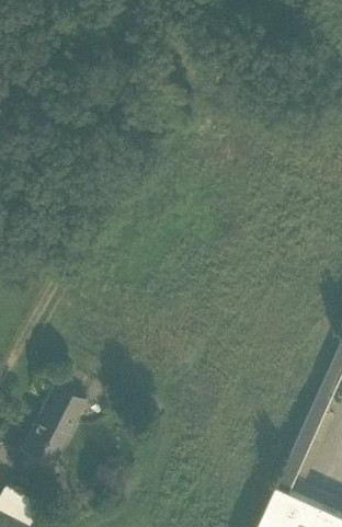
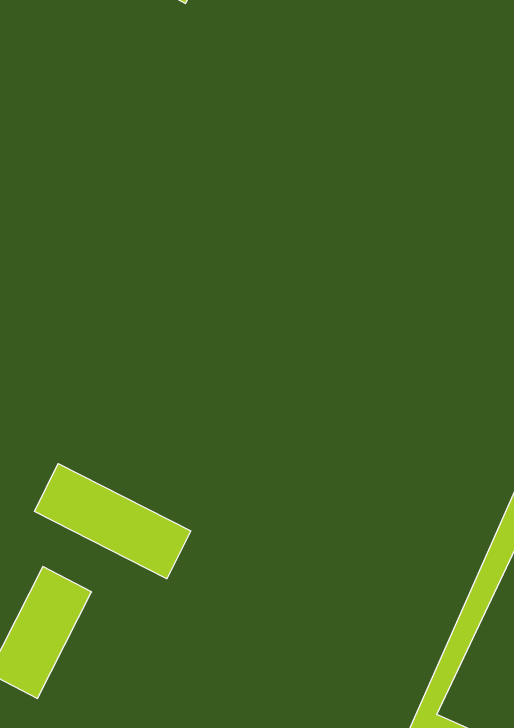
building: none -> [34,464,191,579]

